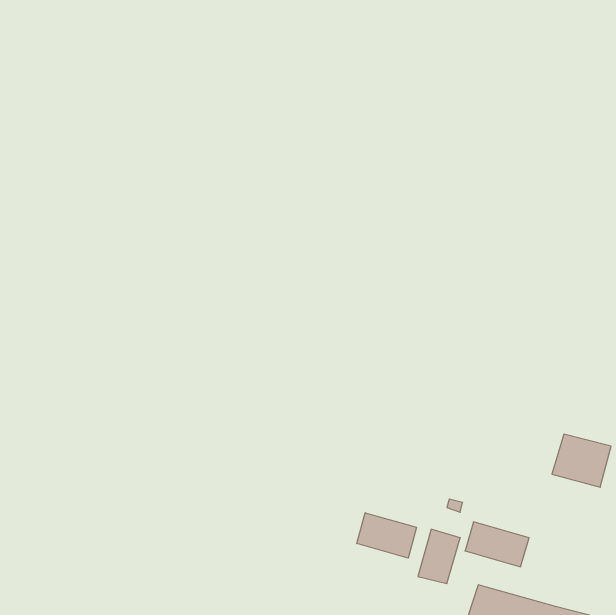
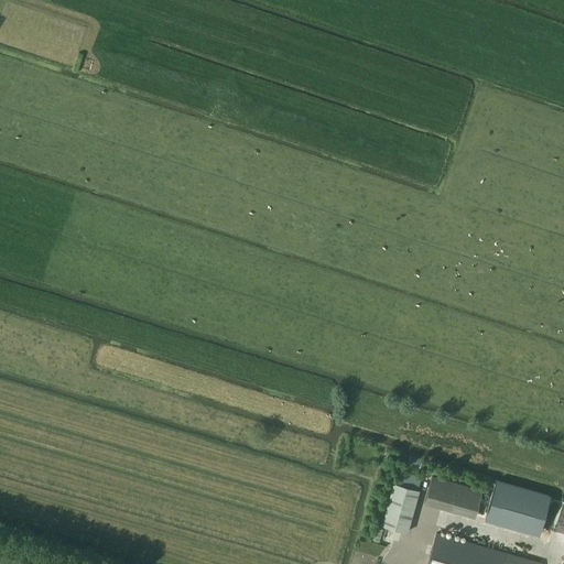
building: [552,434,611,487] -> [486,485,540,533]
building: [357,513,417,558] -> none

